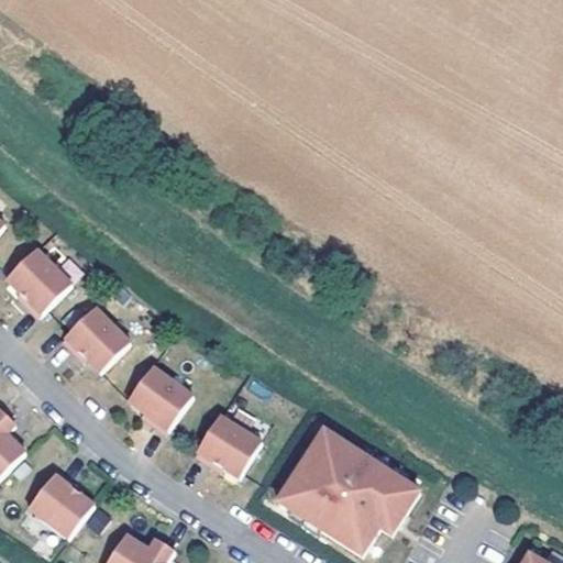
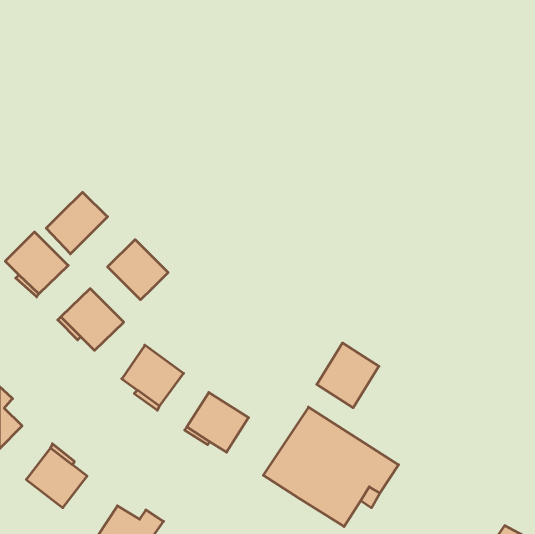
building: none -> [46,192,108,254]
building: none -> [108,240,168,300]
building: none -> [317,343,379,408]

